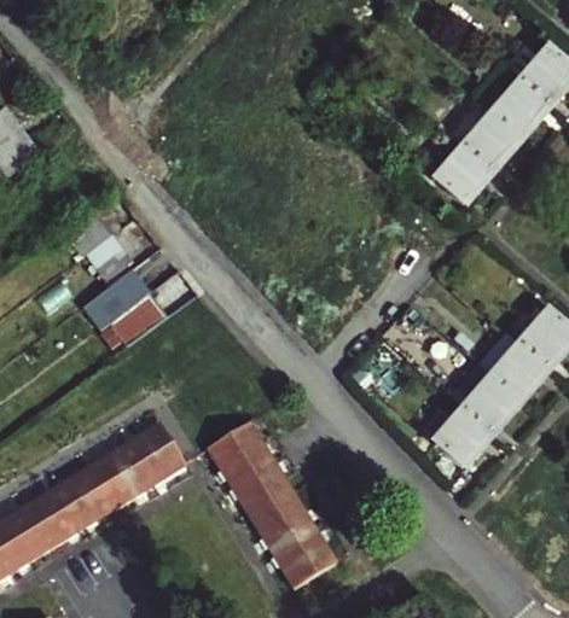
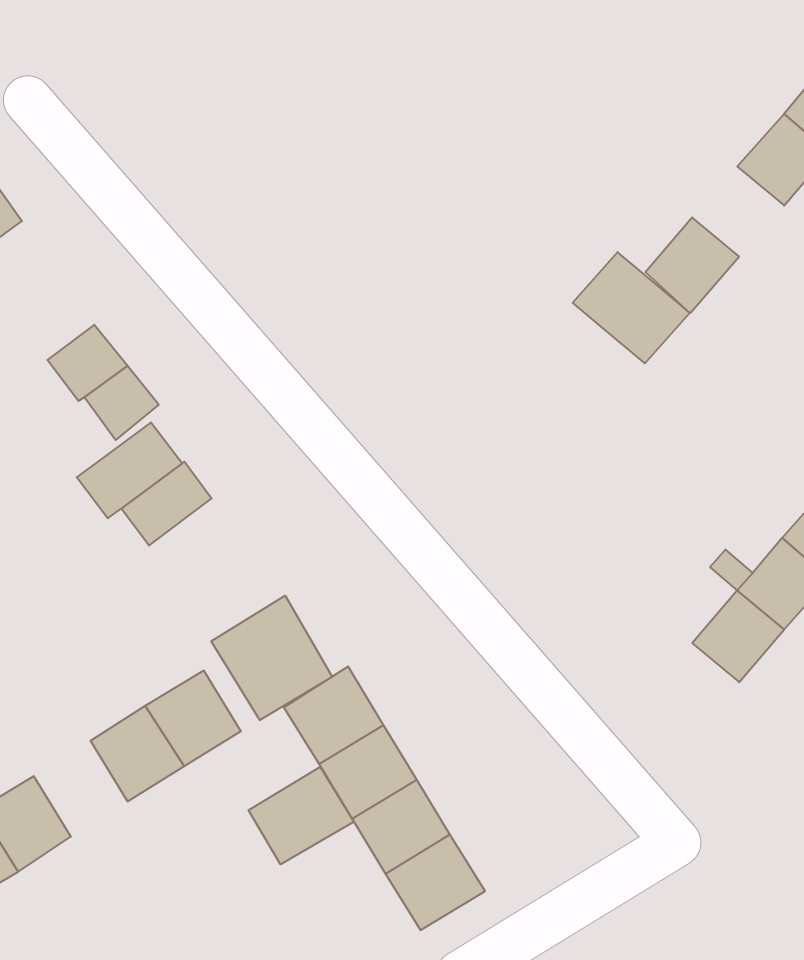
building: [447,100,519,169] -> [573,252,690,363]
building: none -> [211,596,332,720]
building: [432,408,492,467] -> none
building: [56,468,114,527] -> none
building: none -> [249,767,354,864]

